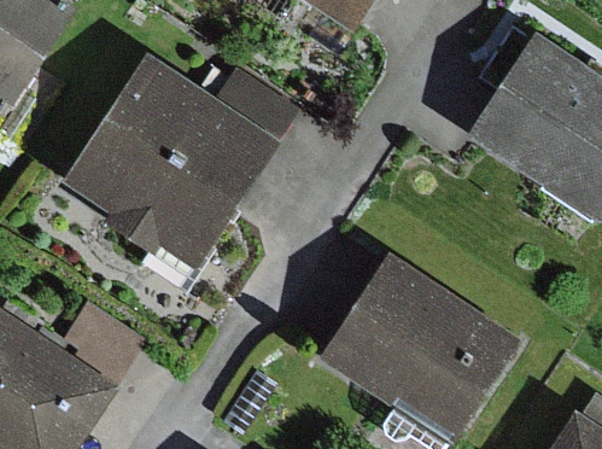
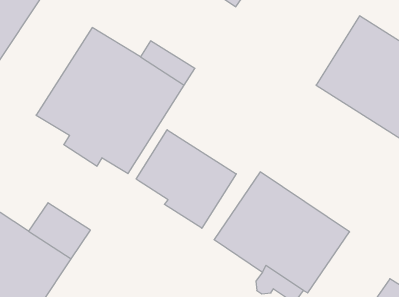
building: none -> [136,130,236,228]

